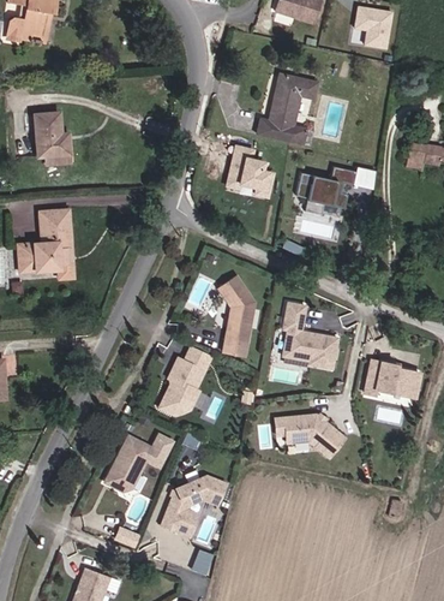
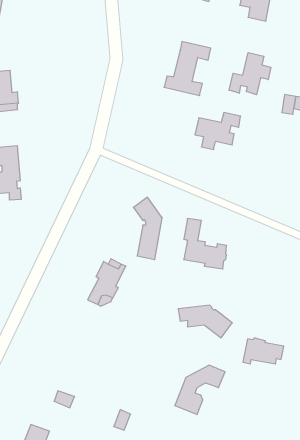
building: none -> [229,53,271,95]
building: [227,145,272,196] -> none
building: [365,361,418,394] -> [243,338,284,364]
building: [107,433,172,489] -> none
building: [161,474,226,537] -> [175,365,225,415]

